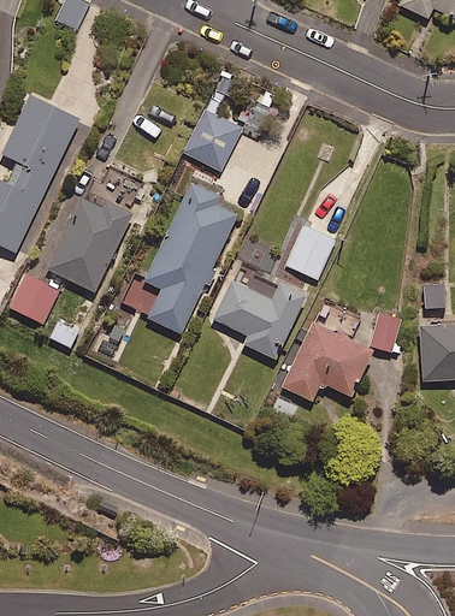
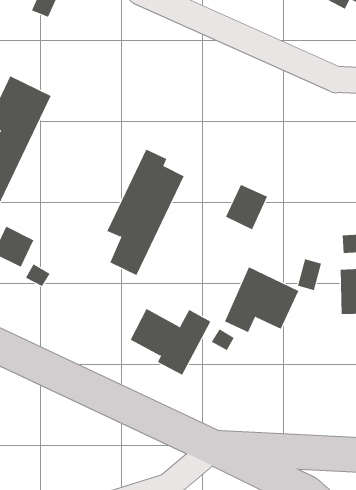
building: [183,76,242,171] -> none
building: [47,195,130,291] -> none
building: [212,279,308,359] -> [130,308,211,375]

